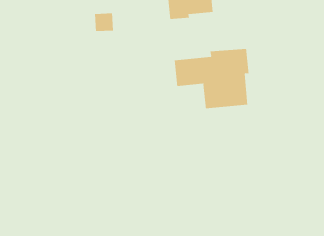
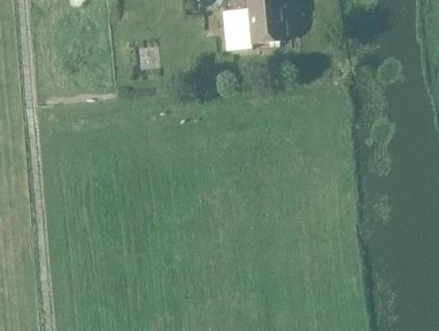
building: [174,48,249,109] -> none

